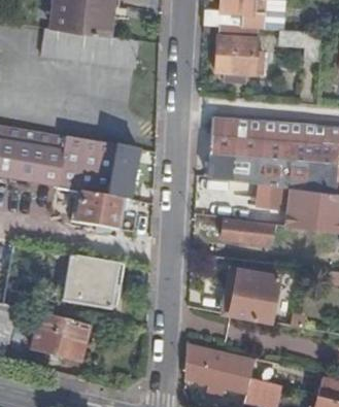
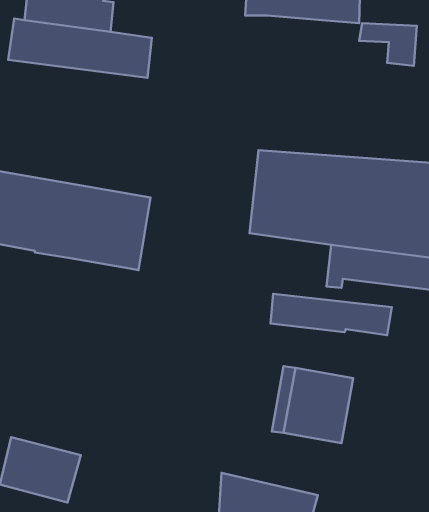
building: [216,24,264,80] -> none
building: [78,193,125,230] -> none
building: [63,255,126,311] -> none

